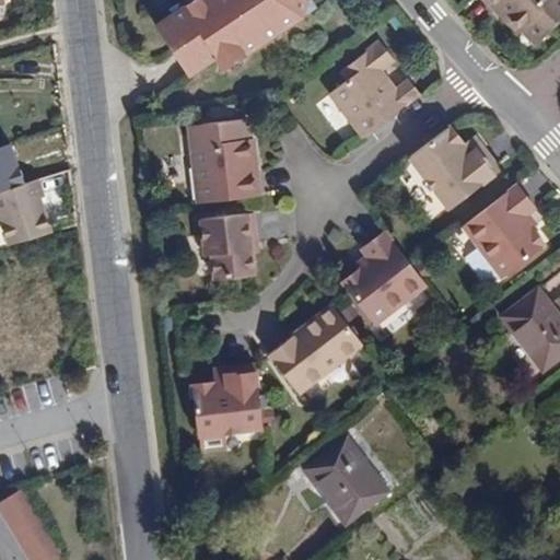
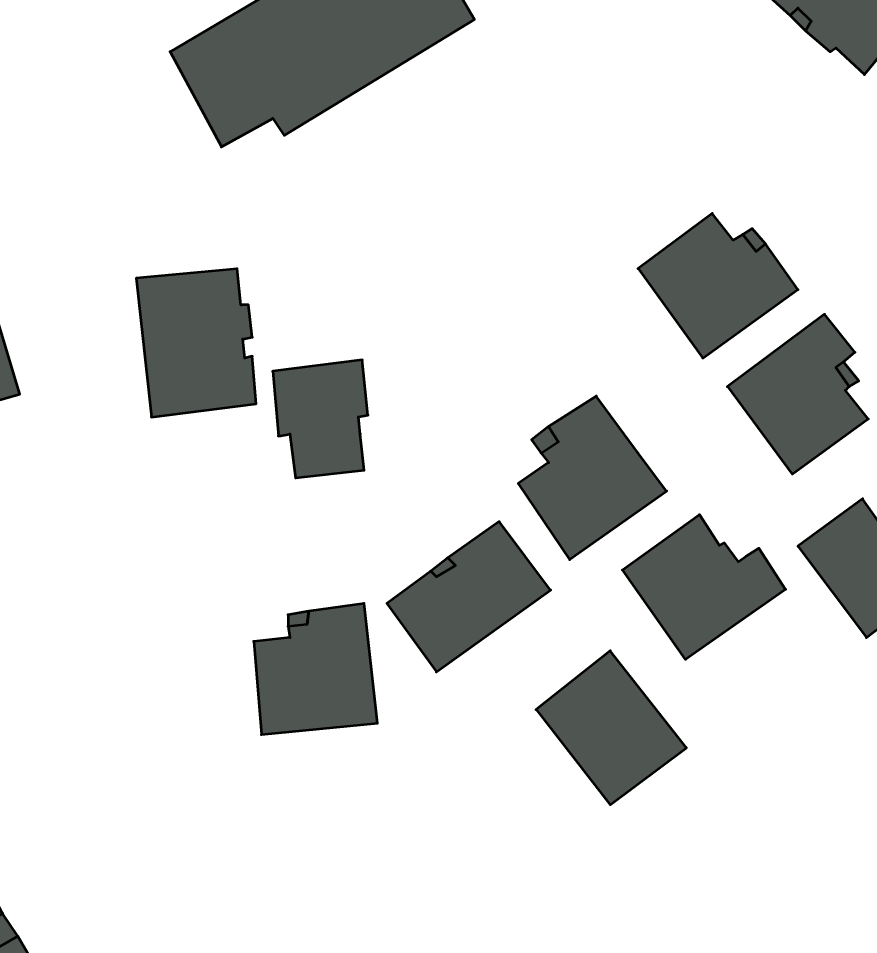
building: [323,47,410,142] -> none
building: [189,118,258,203] -> [136,269,256,417]
building: none -> [622,515,786,659]
building: [302,438,388,526] -> [536,651,686,805]

